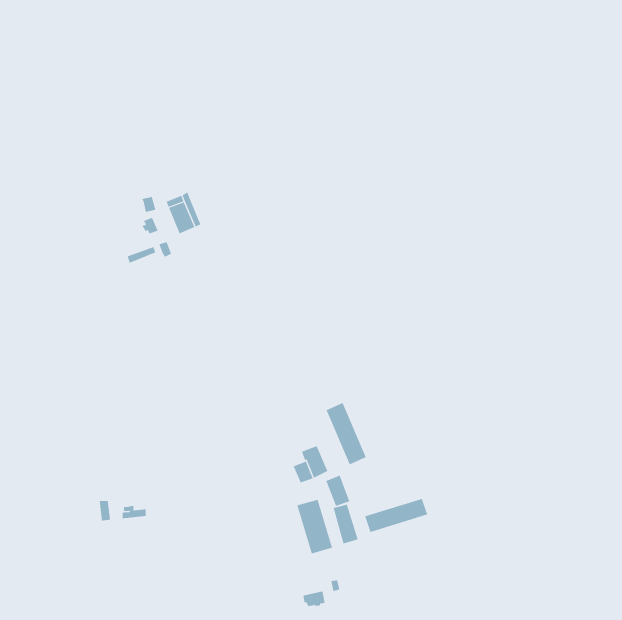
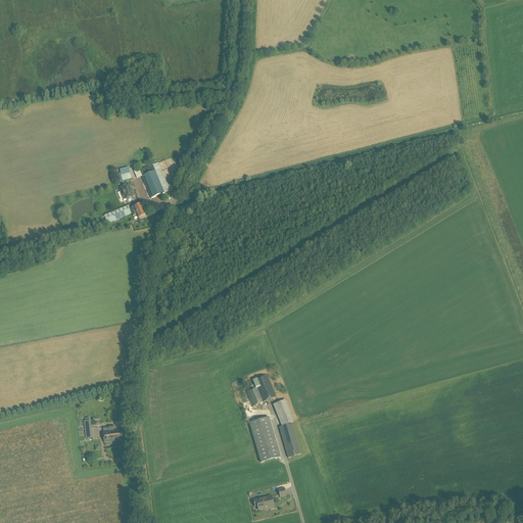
building: [326,402,366,465] -> none
building: [364,498,428,533] -> none

